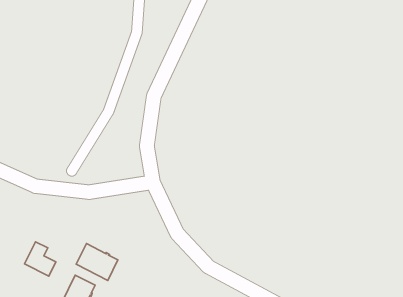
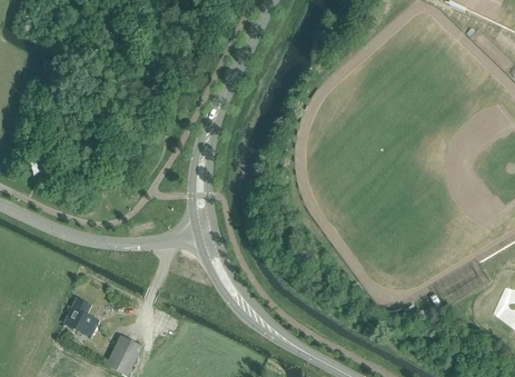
building: [76,244,118,280] -> none

